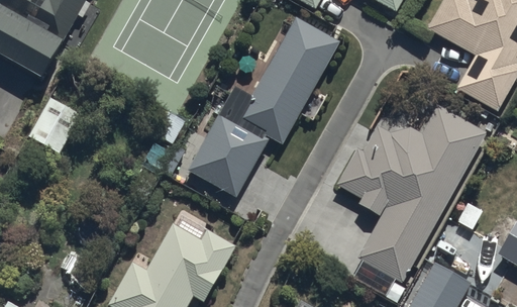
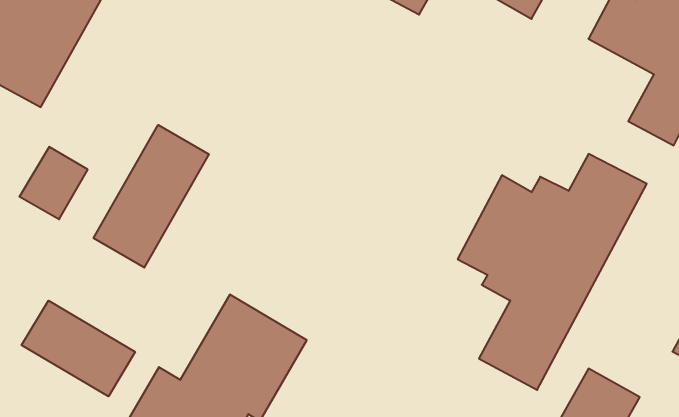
building: [192,14,342,189] -> none
building: none -> [94,125,209,268]
building: none -> [22,301,135,396]

